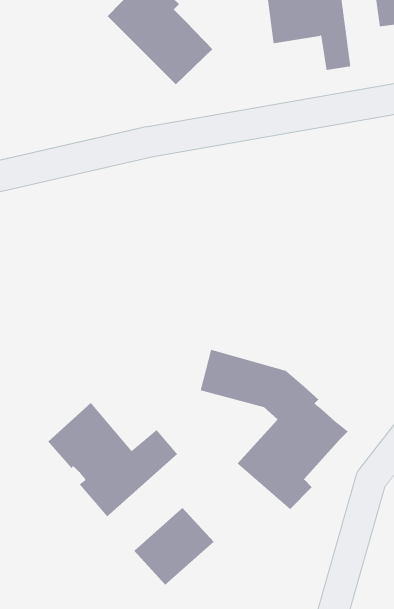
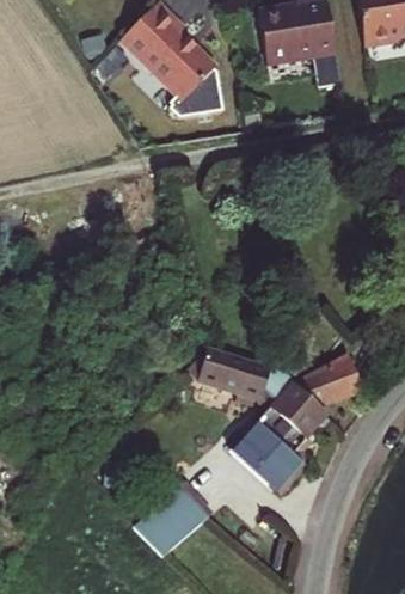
building: none -> [293,351,362,409]
building: [47,402,178,517] -> none

